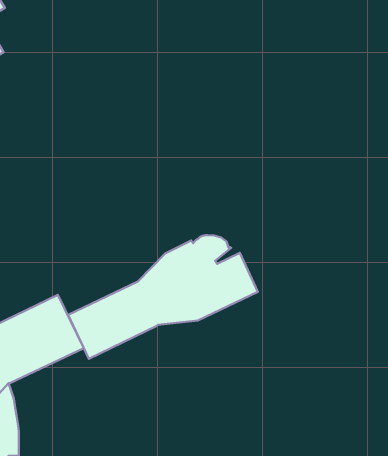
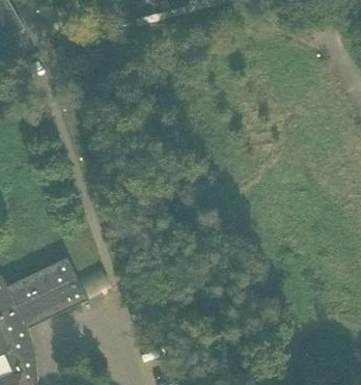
building: [68,235,258,359] -> none

